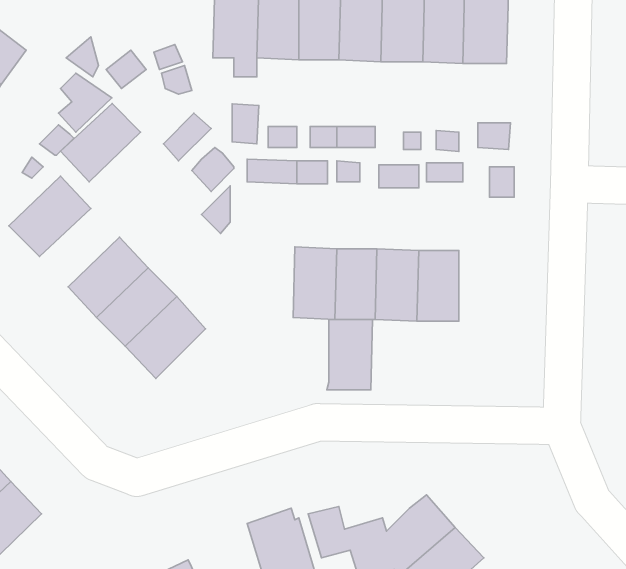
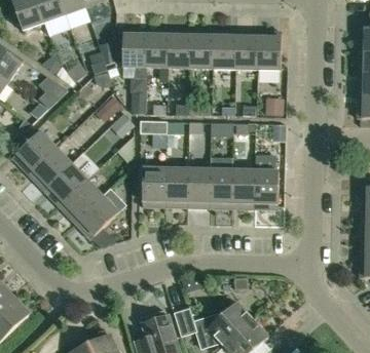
building: [61,104,141,182] -> [29,148,72,190]
building: none -> [255,170,279,209]
building: [327,319,373,390] -> [142,168,166,206]

